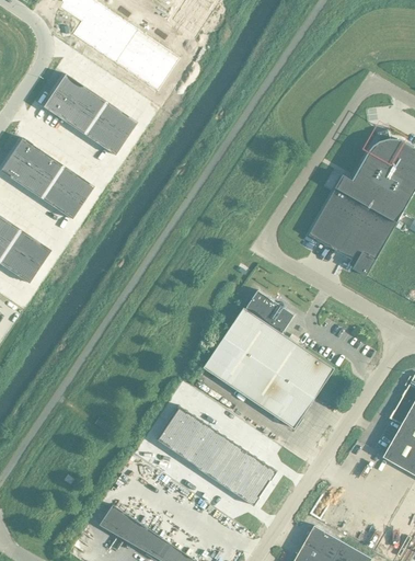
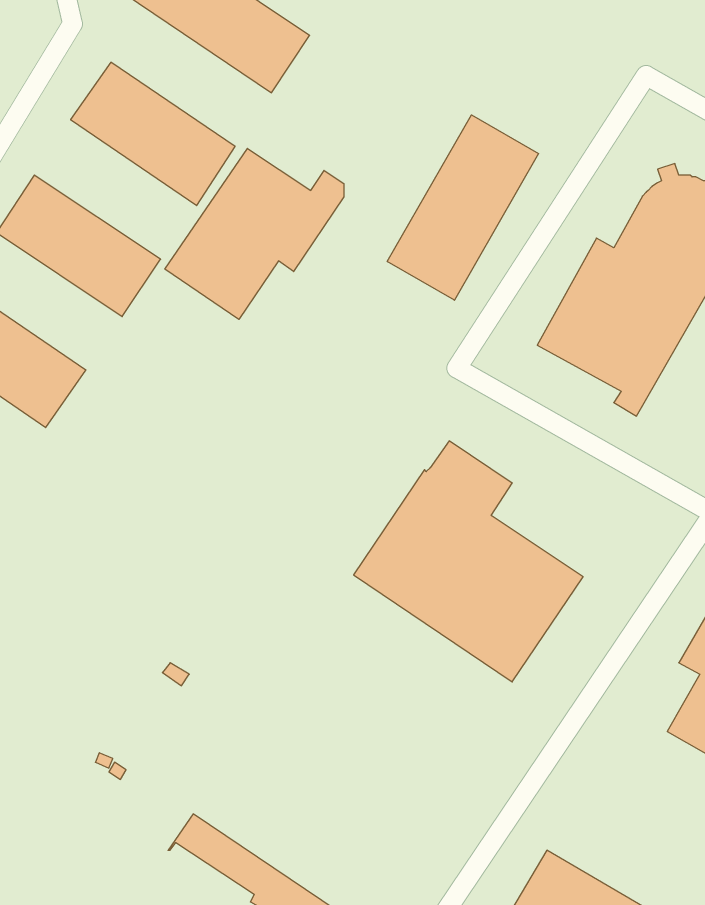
building: none -> [387,115,539,300]
building: none -> [165,148,344,319]
building: [155,407,277,507] -> none

